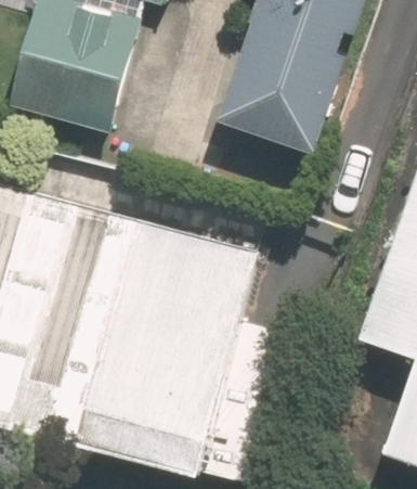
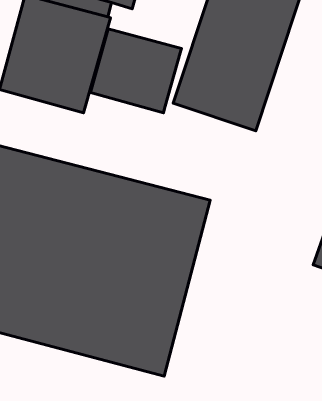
building: none -> [91,29,181,113]

